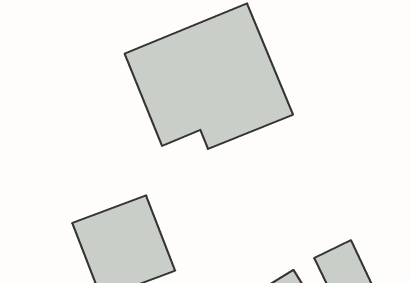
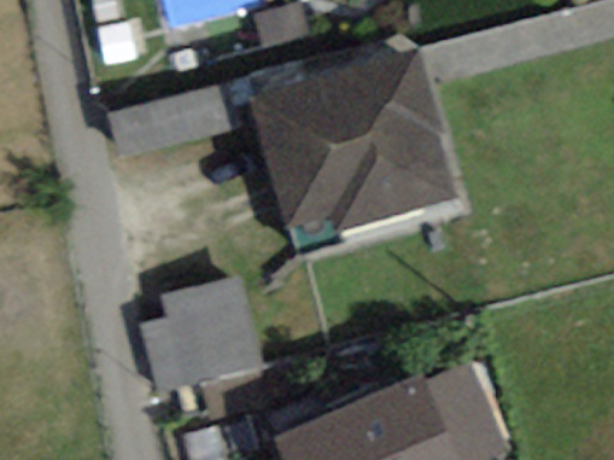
building: none -> [113,82,239,161]

